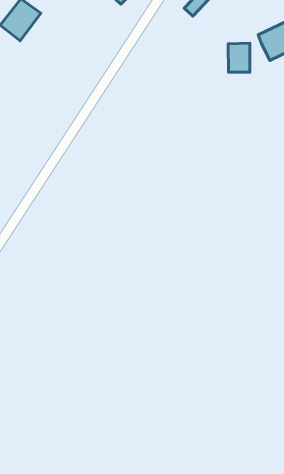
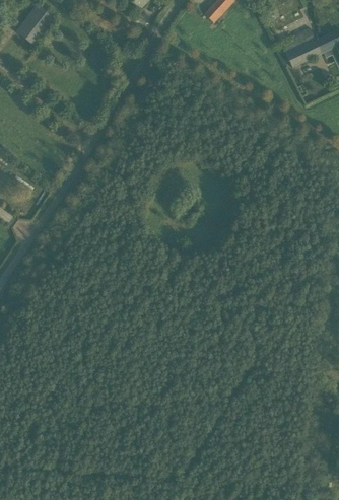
building: [228,43,250,72] -> none

